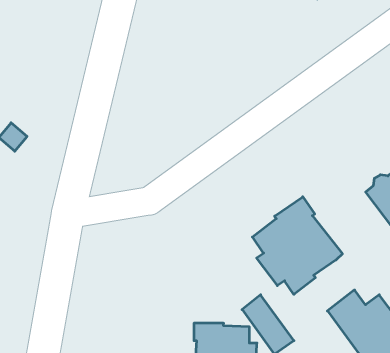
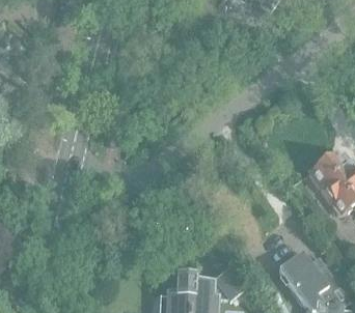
building: [252,197,342,294] -> none

